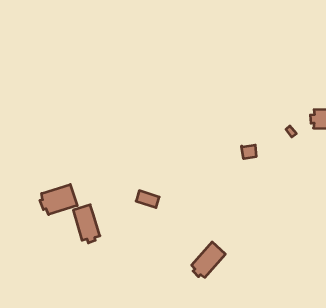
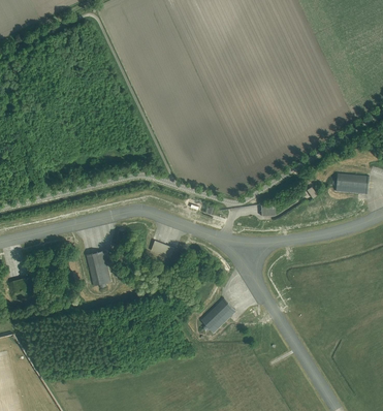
building: [40,184,77,215] -> none

